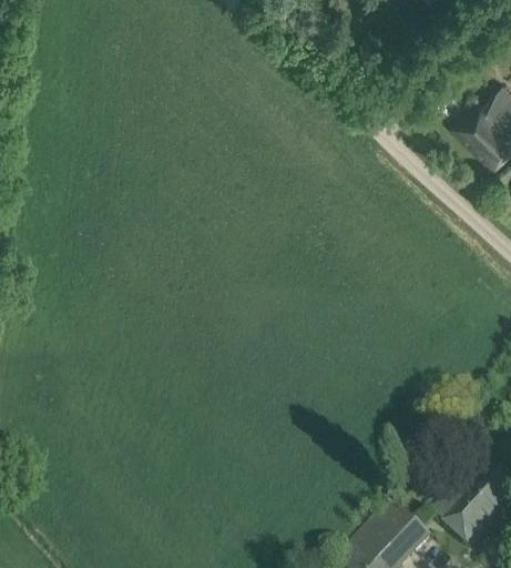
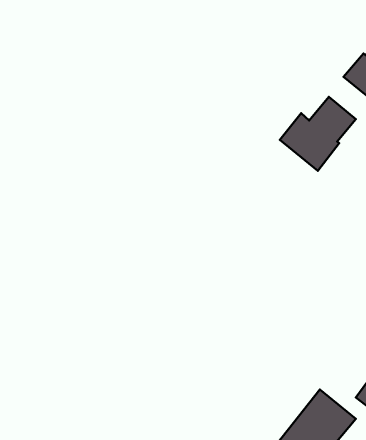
building: none -> [280,97,356,171]

